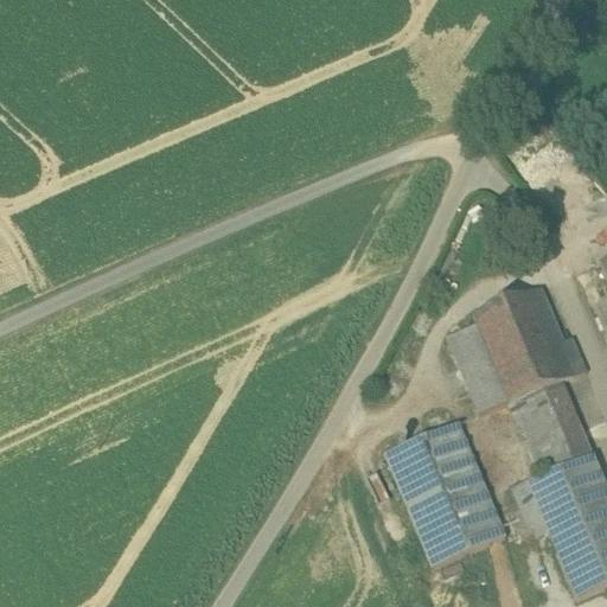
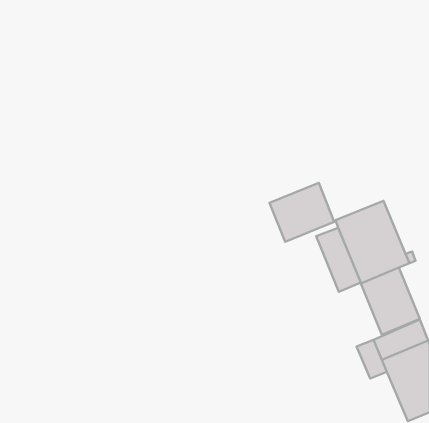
building: none -> [270,183,334,242]
building: [385,420,506,564] -> none

